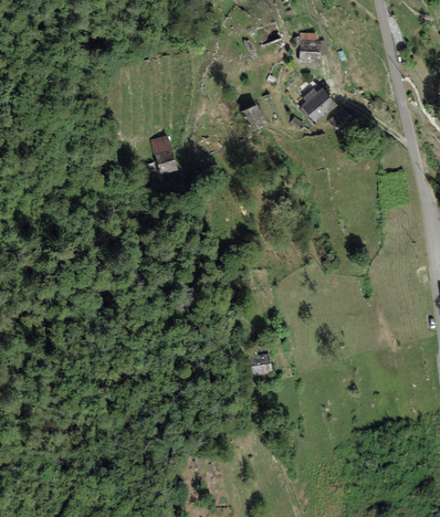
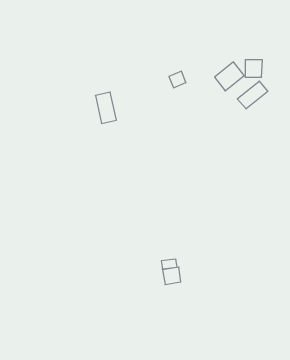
building: [298,40,321,63] -> [245,60,262,77]
building: none -> [237,81,268,109]

